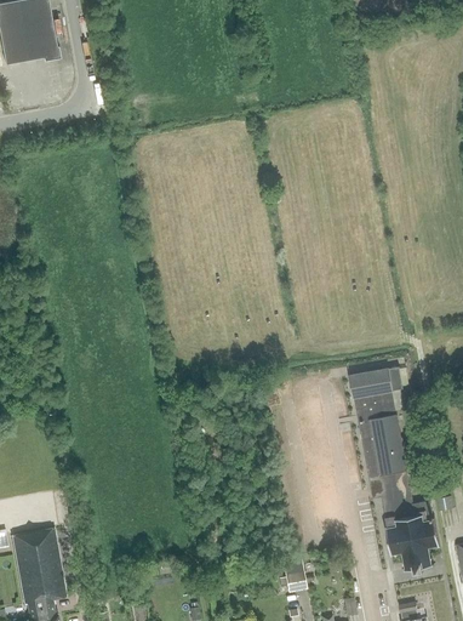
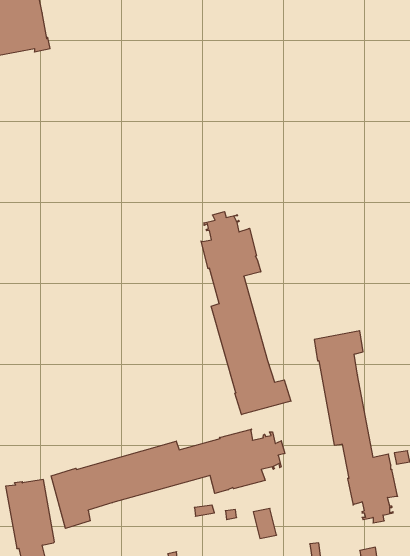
building: none -> [201,212,291,415]
building: none -> [51,429,285,528]

